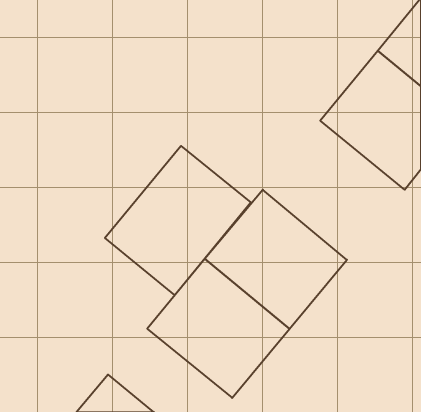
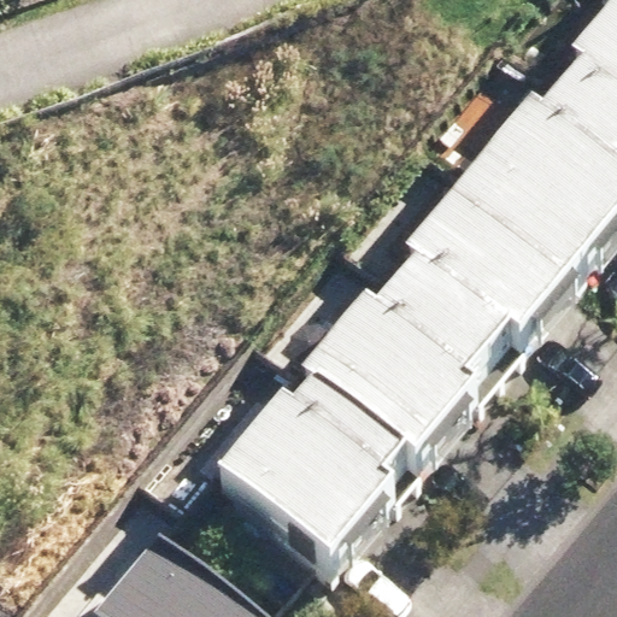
building: none -> [381,175,586,376]
building: [105,146,251,295] -> none

